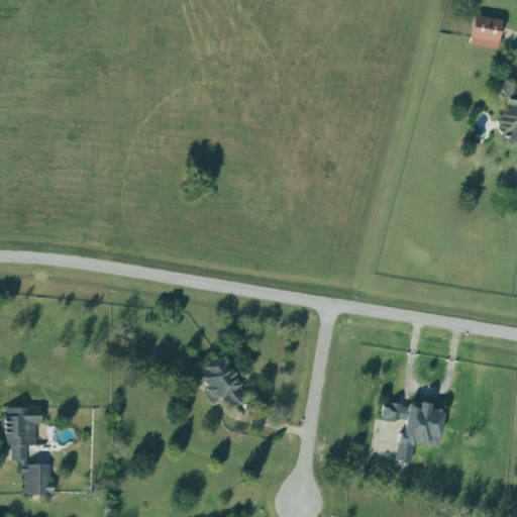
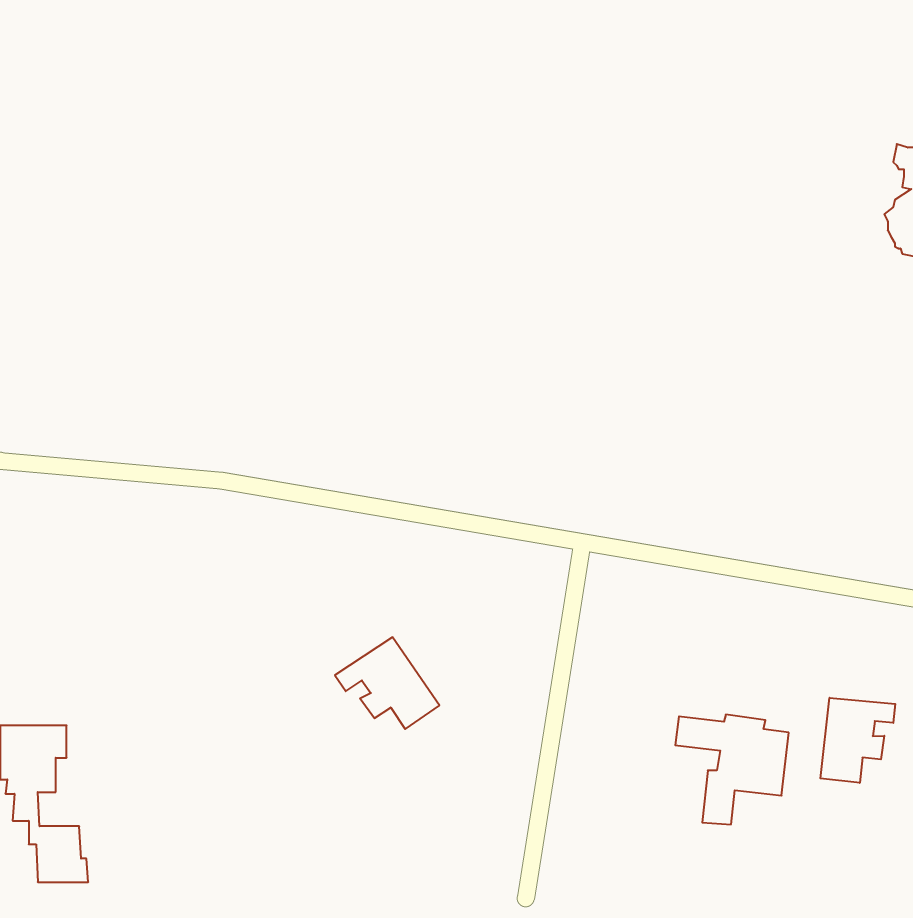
building: [473,15,505,48] -> none
building: none -> [820,698,895,783]

